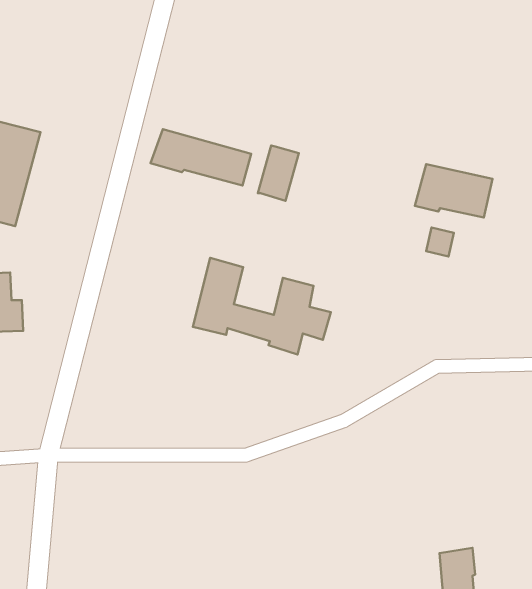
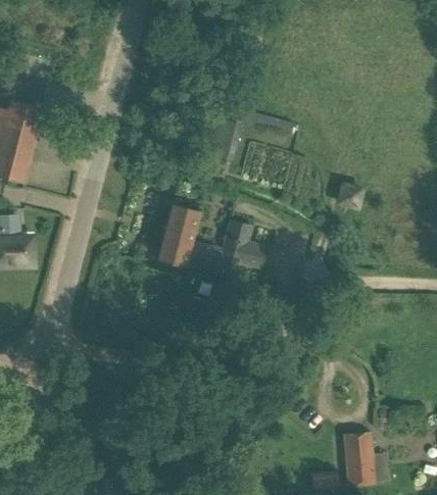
building: [150,129,251,186] -> none
building: [415,164,492,218] -> none

